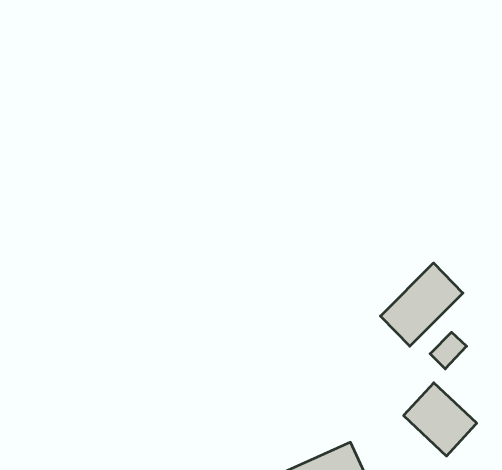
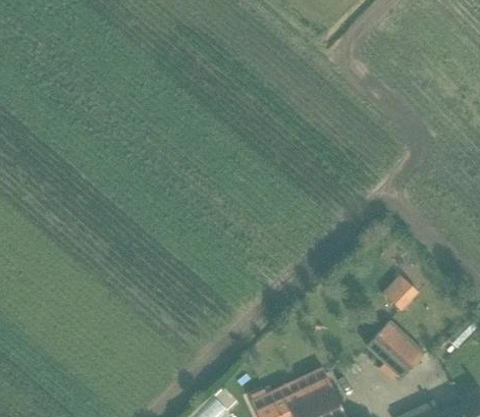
building: [380,263,463,346] -> none

